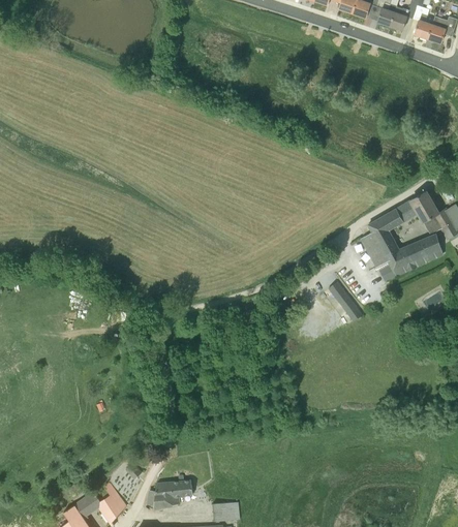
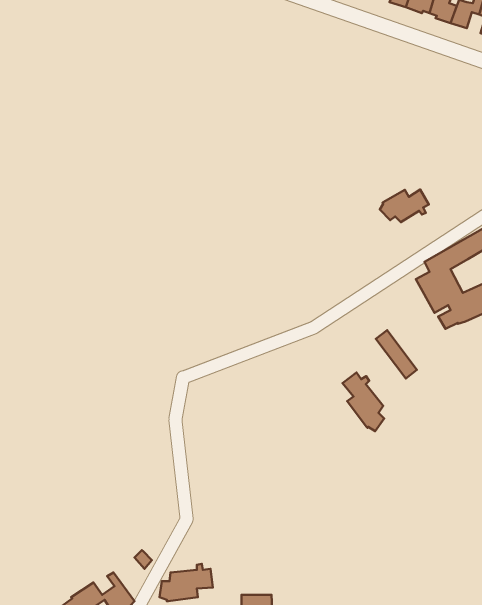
building: none -> [380,189,429,222]
building: none -> [343,373,384,431]

